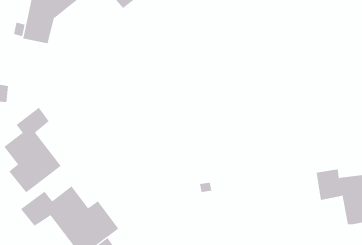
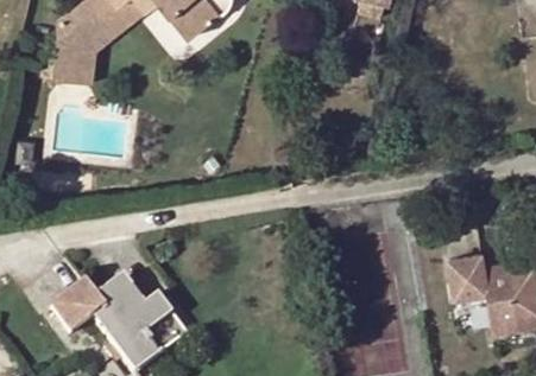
building: [4,107,61,193] -> none

